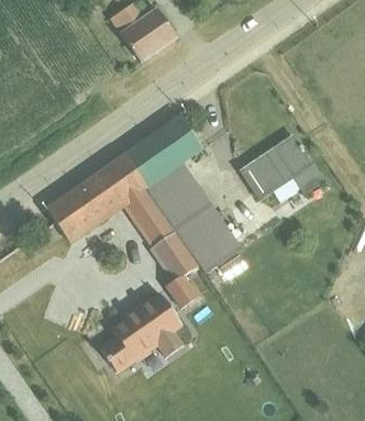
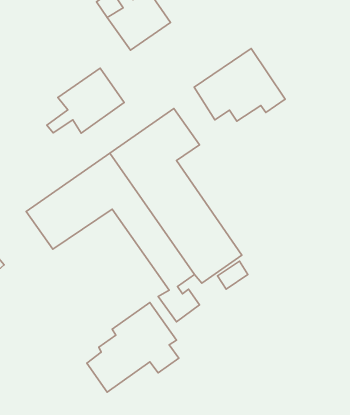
building: none -> [47,68,124,133]
building: [240,134,322,200] -> [194,48,285,121]

